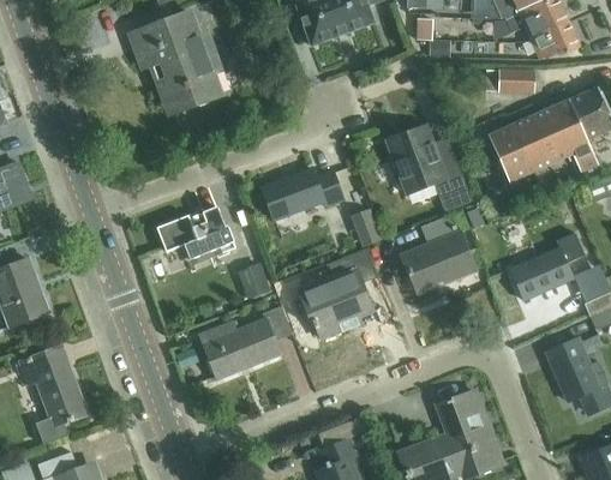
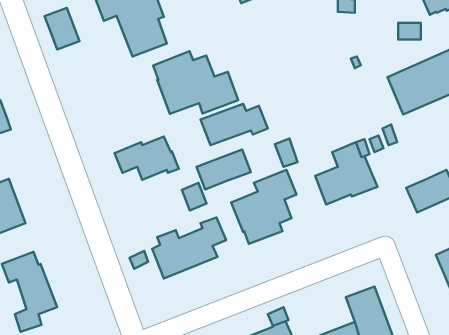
building: none -> [45,8,79,49]
building: none -> [153,51,238,114]
building: [387,125,473,211] -> none
building: none -> [196,149,251,190]

